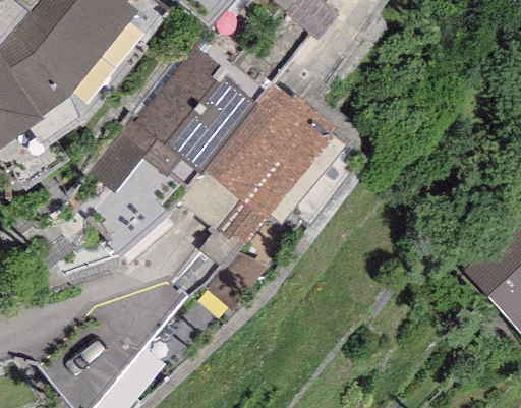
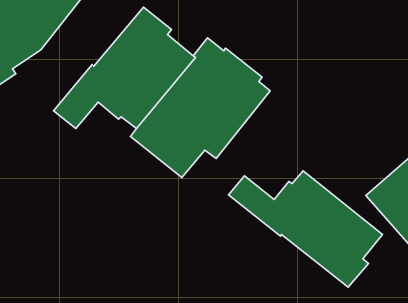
building: none -> [229,171,383,287]

